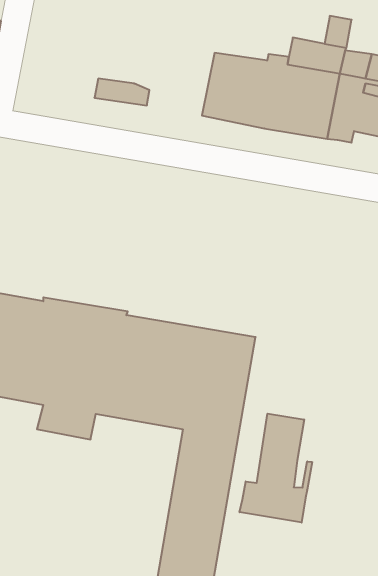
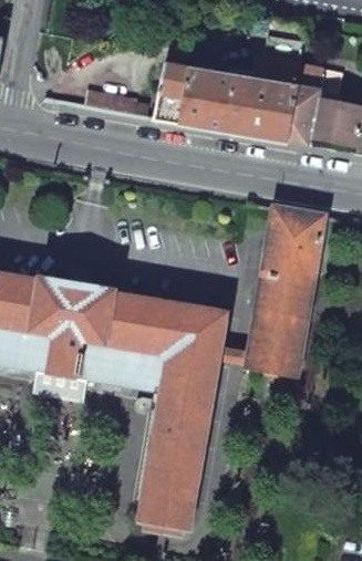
building: none -> [154,62,189,121]
building: none -> [249,206,325,375]
building: [240,414,312,523] -> none

